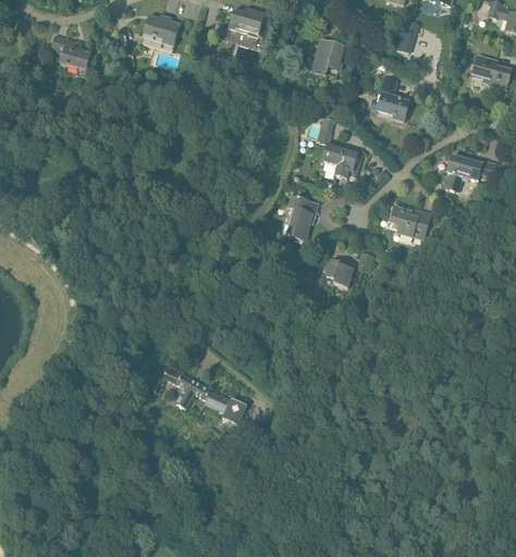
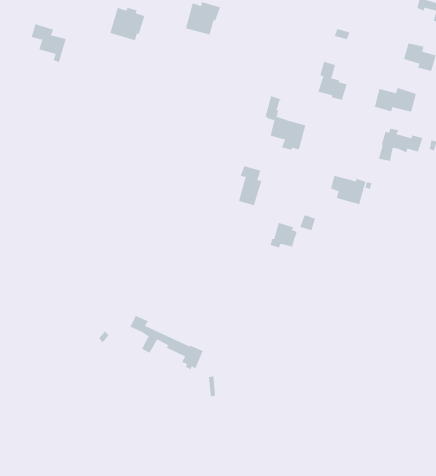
building: [311,38,345,75] -> none
building: none -> [374,87,417,112]

